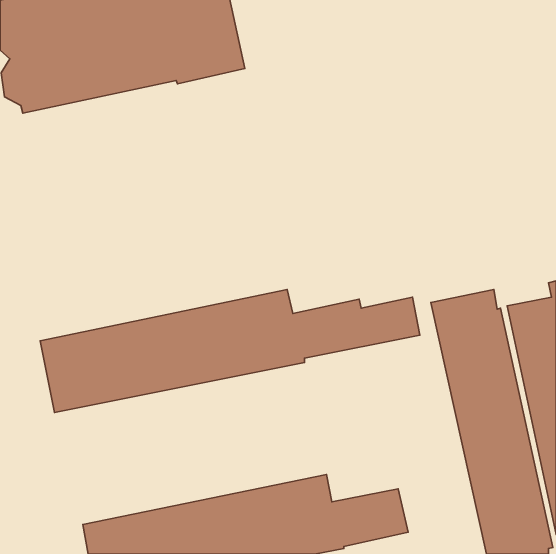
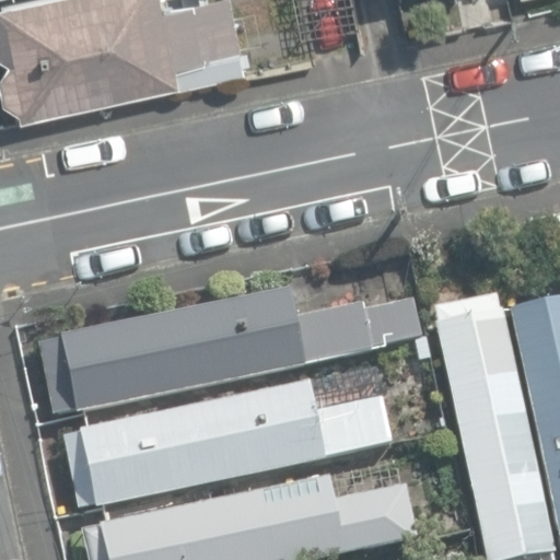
building: none -> [65,382,421,506]

